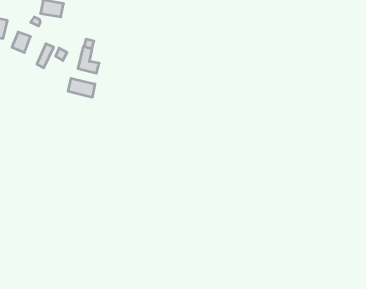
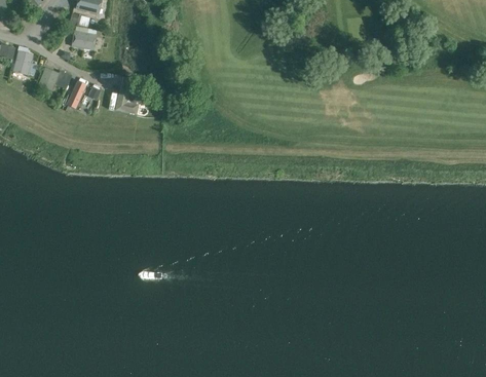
building: [68,78,95,97] -> none

